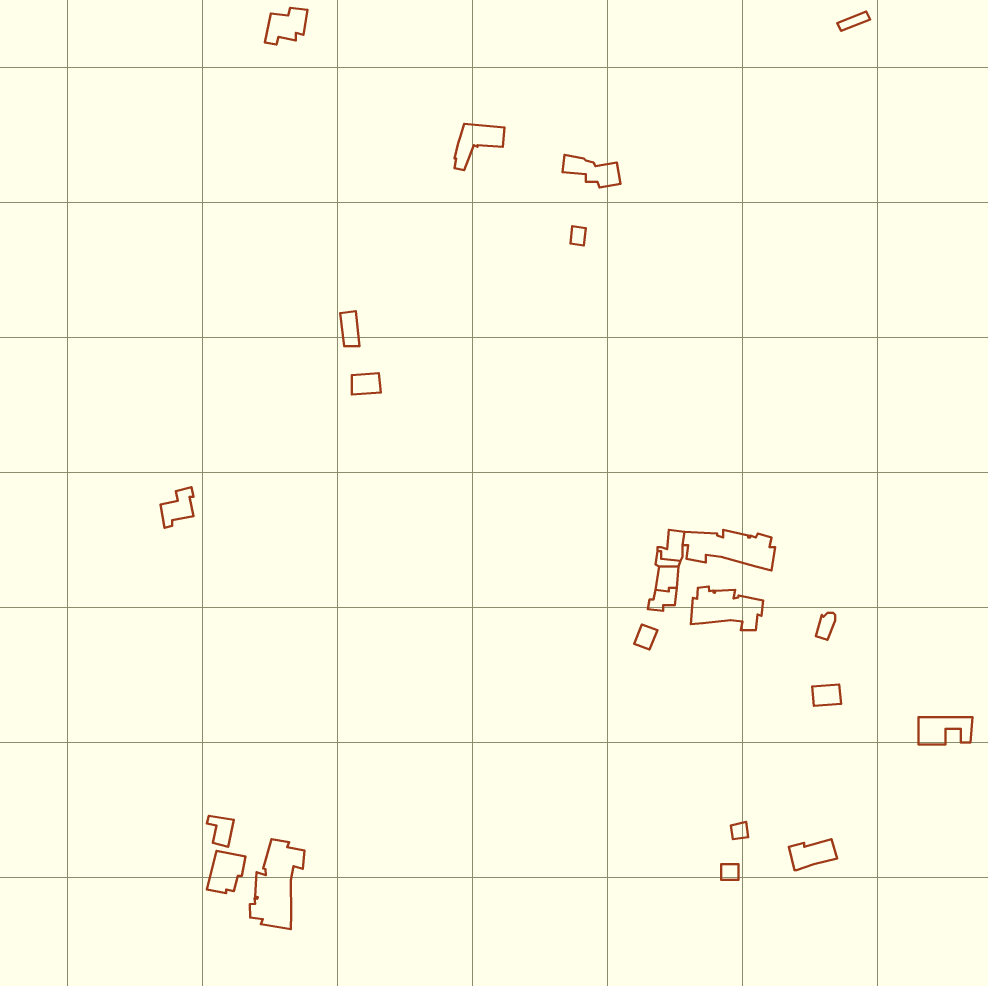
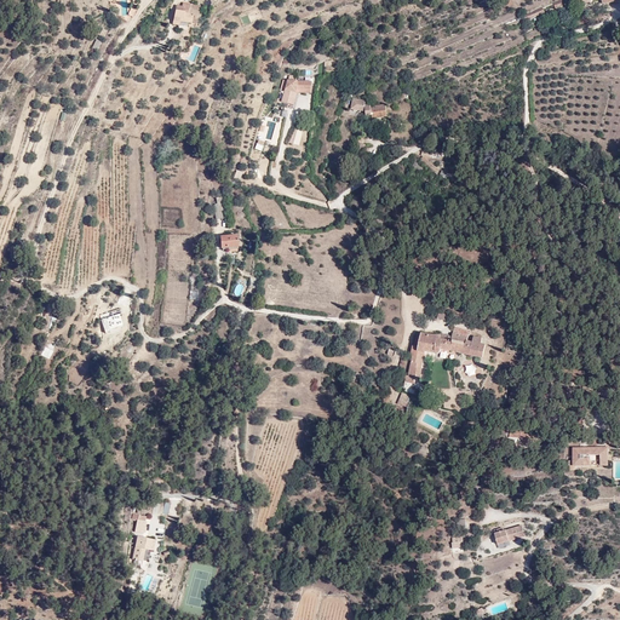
building: [691,587,763,630] -> none
building: [250,839,305,929] -> none

